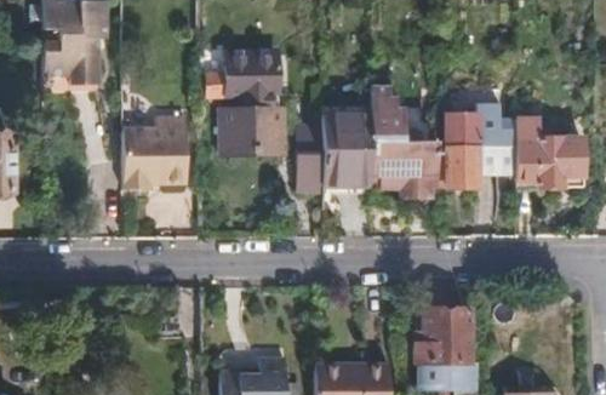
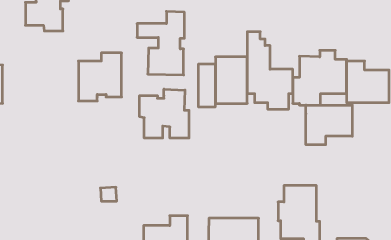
building: none -> [140,89,189,138]
building: none -> [306,105,352,145]

